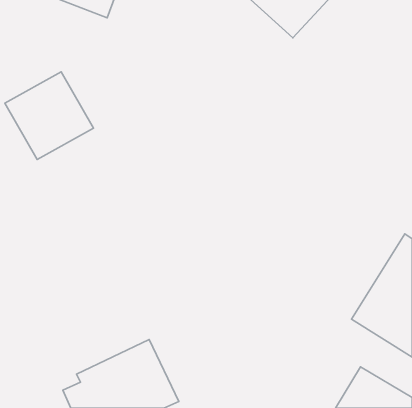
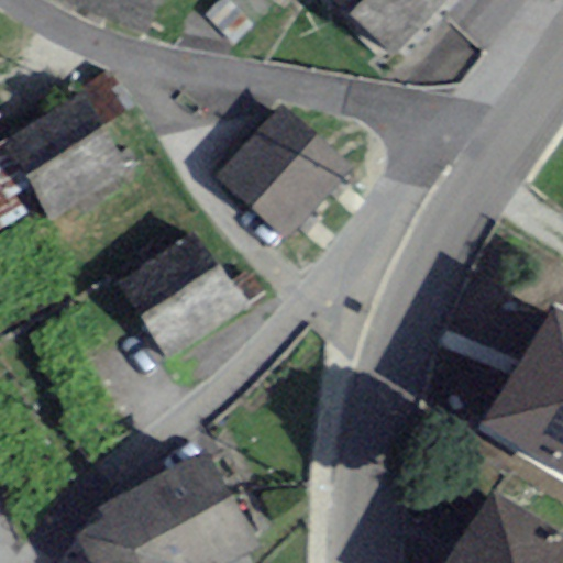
building: none -> [228,114,339,225]
building: none -> [129,241,234,344]

